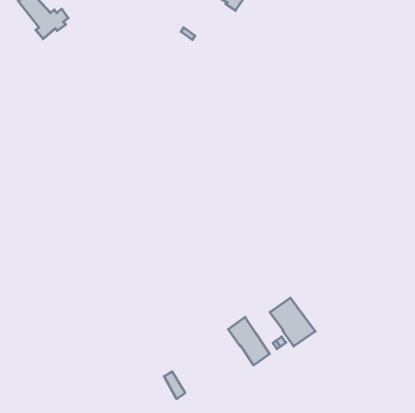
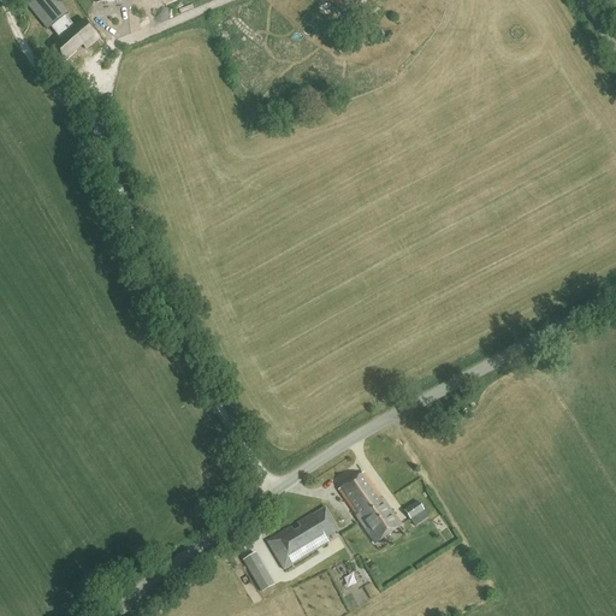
building: [270,298,315,346] -> none
building: none -> [266,504,339,568]

